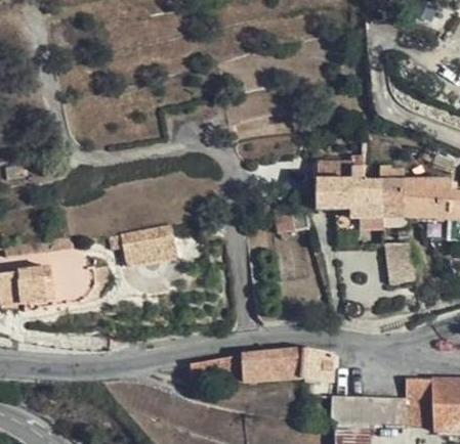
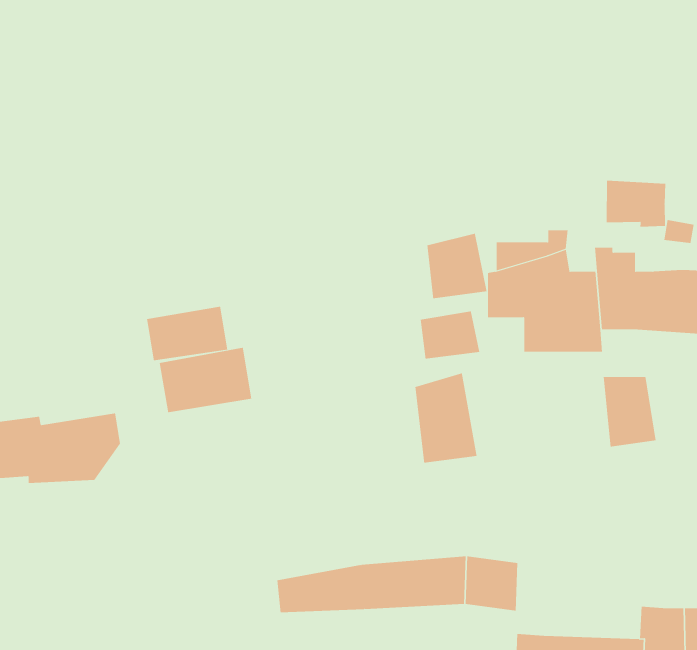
building: none -> [606,180,666,228]
building: none -> [427,233,487,299]
building: none -> [147,306,228,361]
building: none -> [415,373,477,463]

